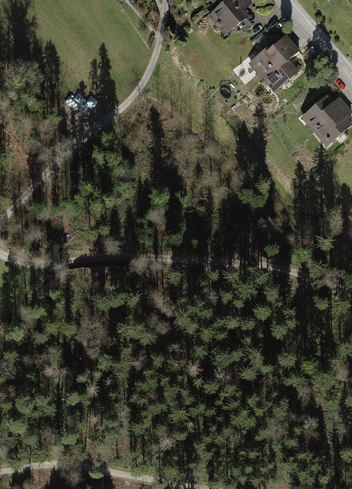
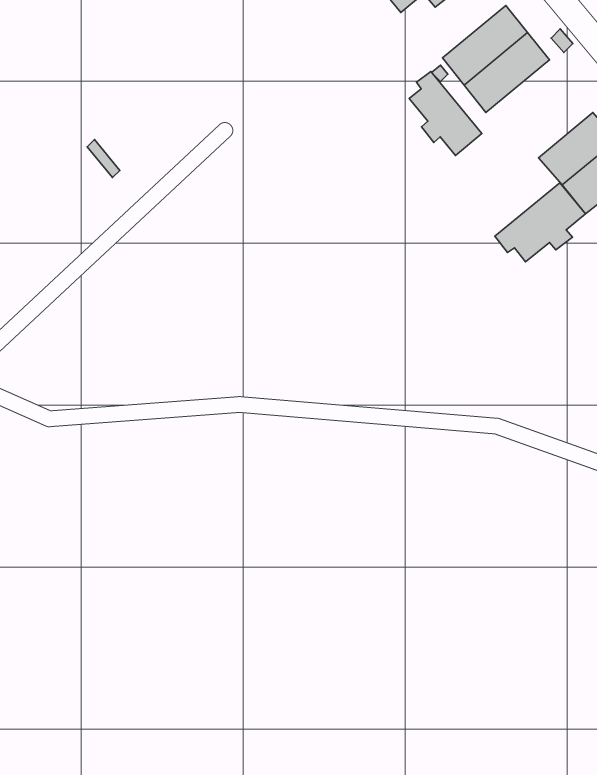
building: none -> [409,72,482,155]
building: none -> [495,183,585,262]

